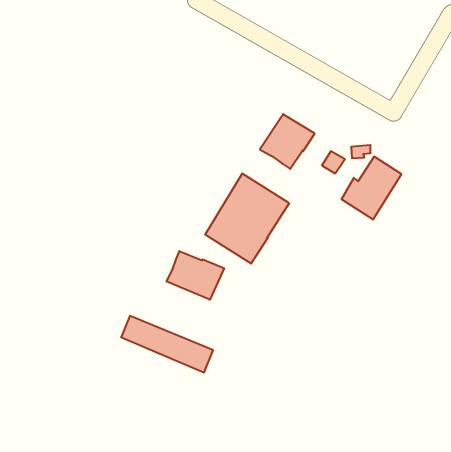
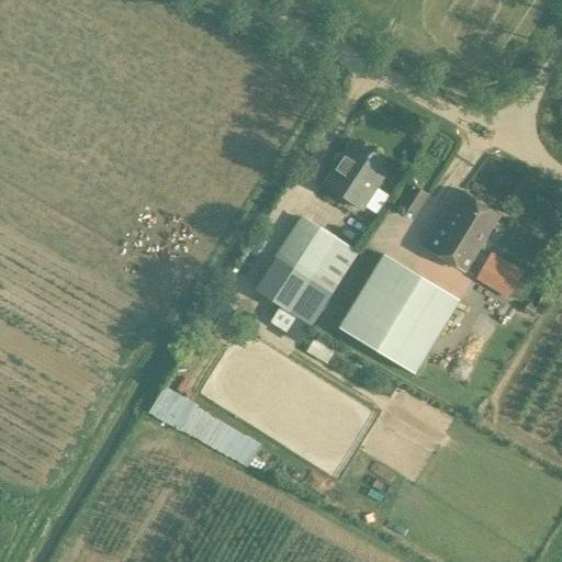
building: none -> [341,255,459,373]
building: none -> [477,256,521,296]
building: [167,251,224,300] -> none

